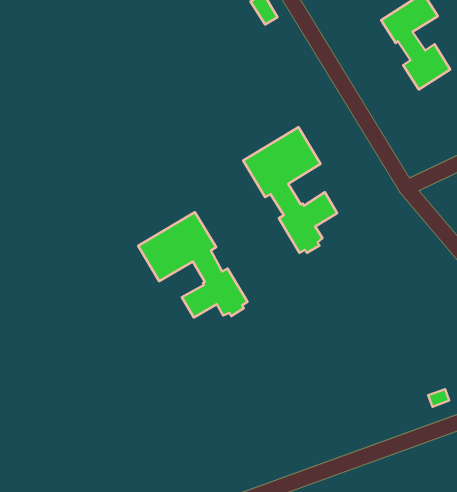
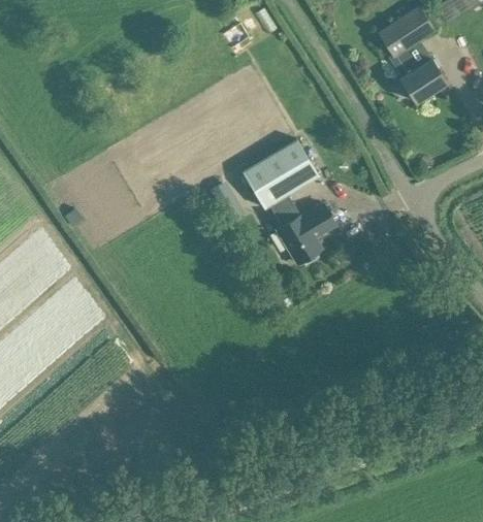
building: [138,212,247,317] -> none

